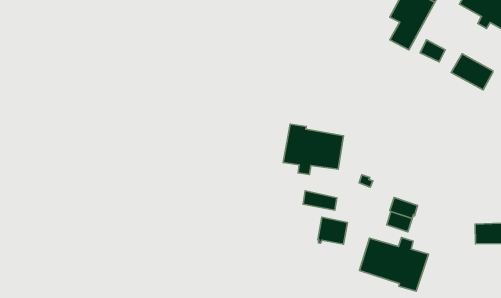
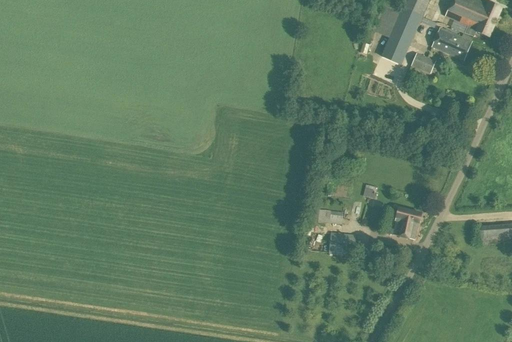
building: [451,54,493,90] -> [431,26,471,59]
building: [283,124,344,175] -> none
building: [359,238,429,291] -> none

